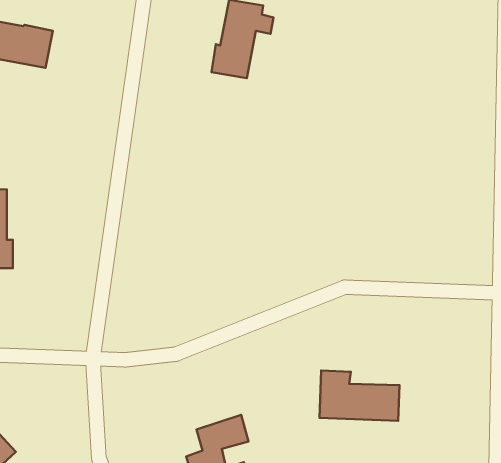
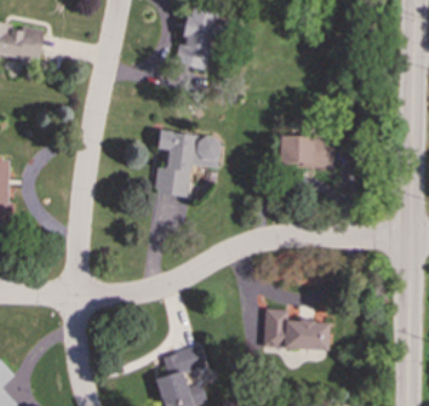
building: none -> [155,132,222,198]
building: none -> [280,136,334,167]

